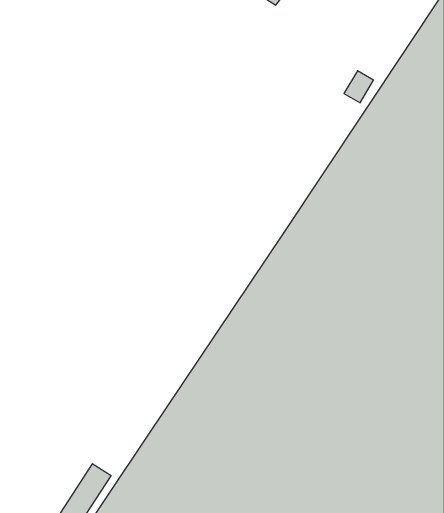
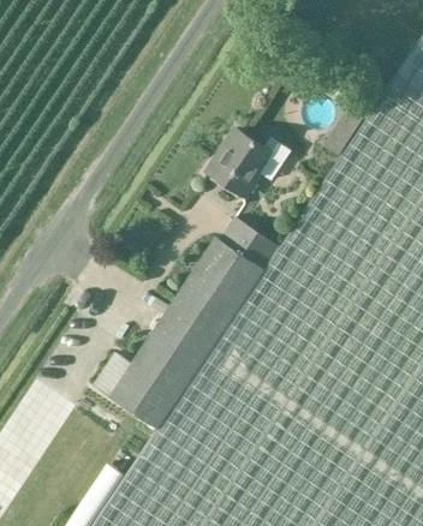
building: none -> [208,131,291,198]
building: none -> [93,220,278,431]

